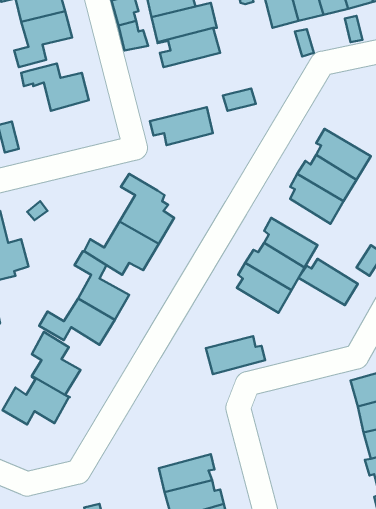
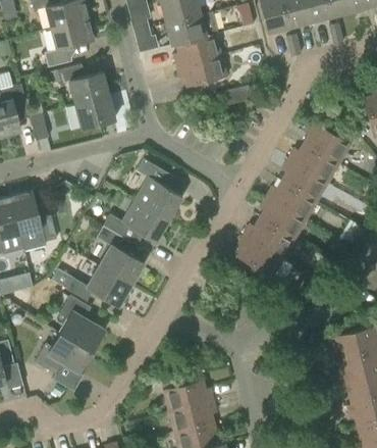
building: none -> [76,95,115,129]
building: [150,107,213,145] -> [173,54,227,87]
building: [299,259,358,305] -> [266,180,317,219]
building: [206,336,265,374] -> [163,379,214,411]

